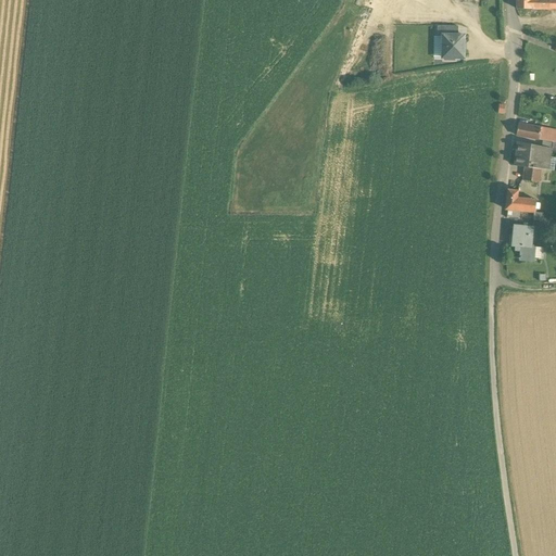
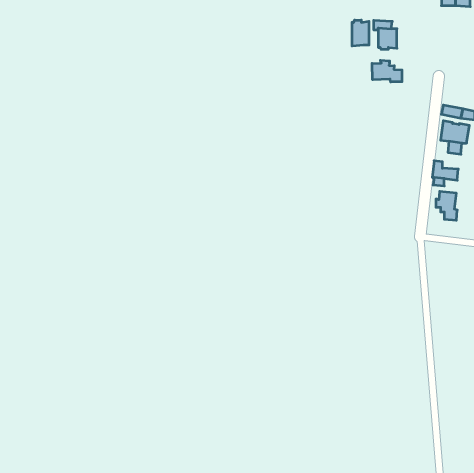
building: none -> [352,20,369,46]
building: none -> [372,60,402,82]

